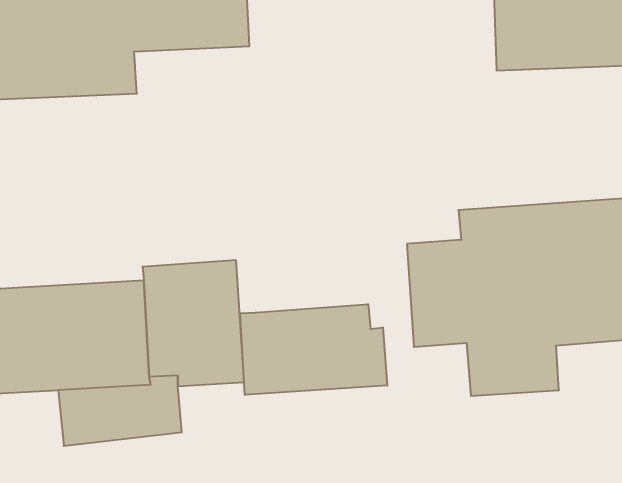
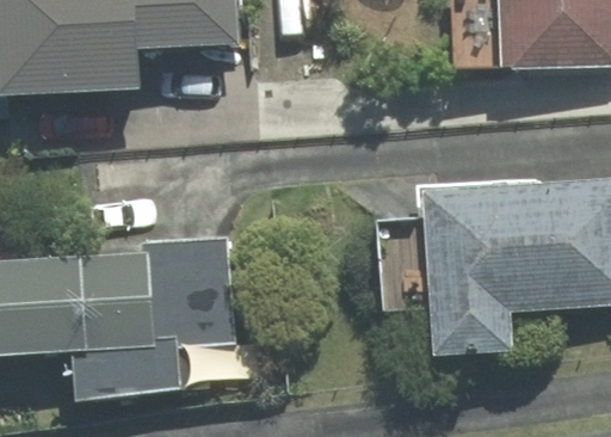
building: [240,304,387,395] -> none

